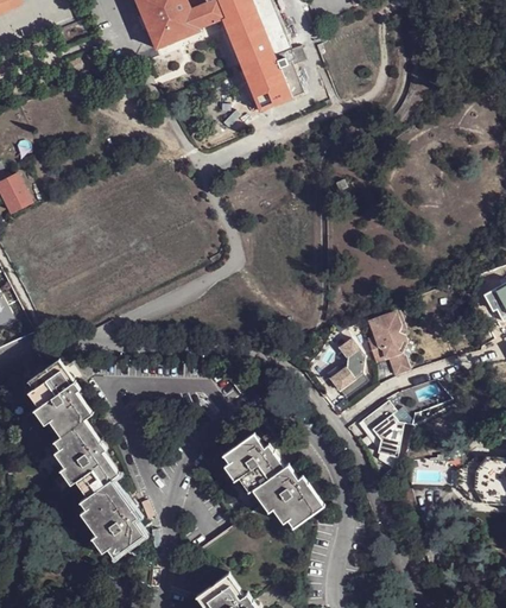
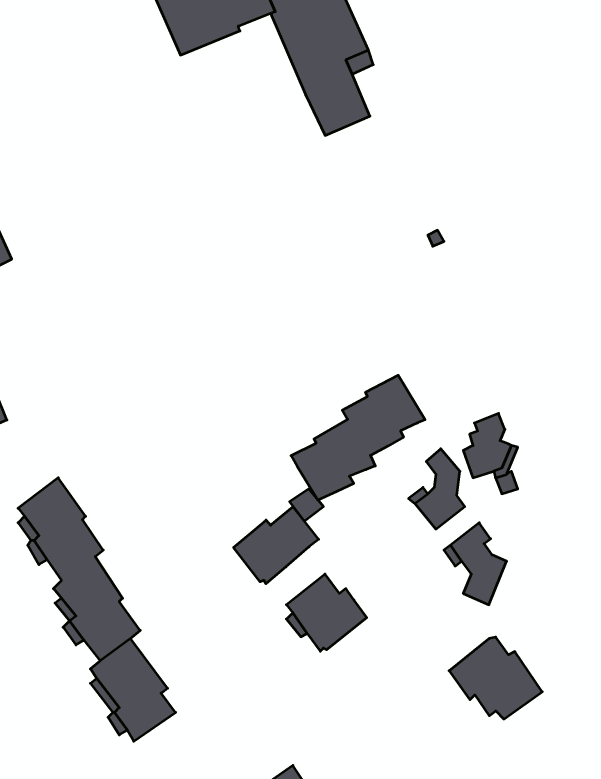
building: none -> [291,375,425,500]
building: none -> [234,507,319,584]
building: [259,464,328,525] -> [449,637,542,719]

